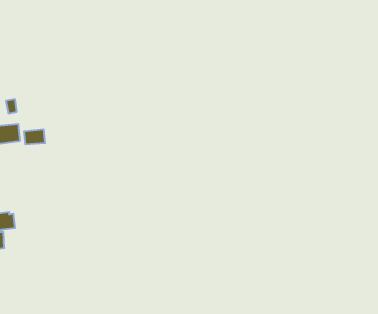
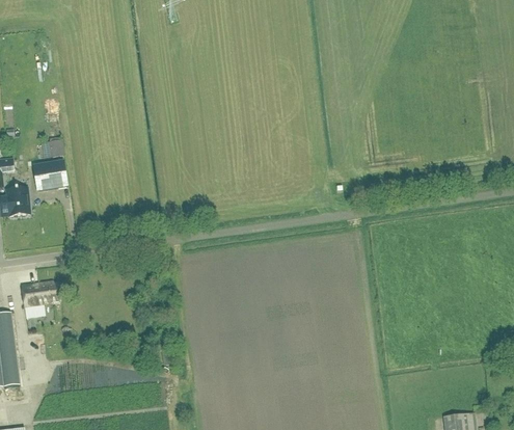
building: [24,129,45,144] -> none

